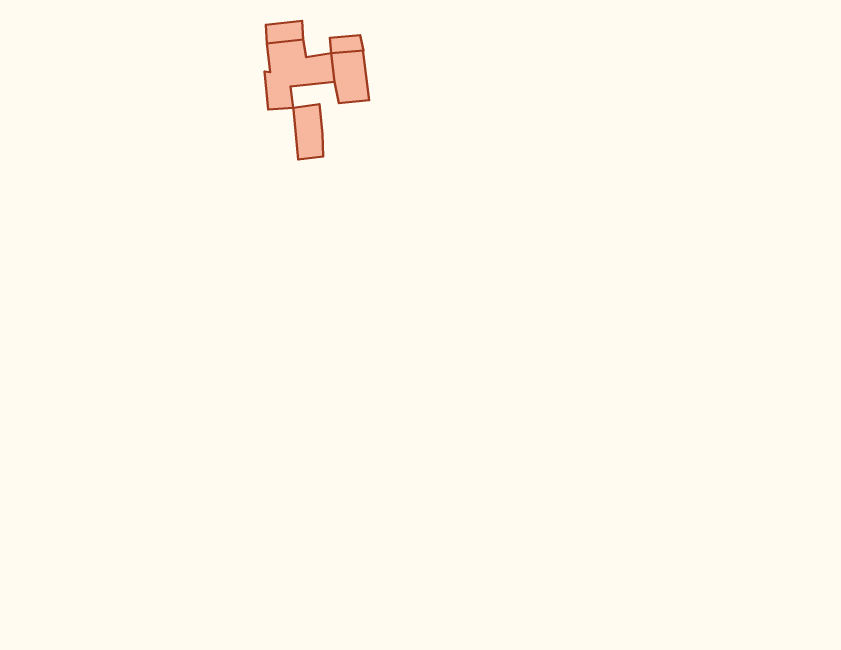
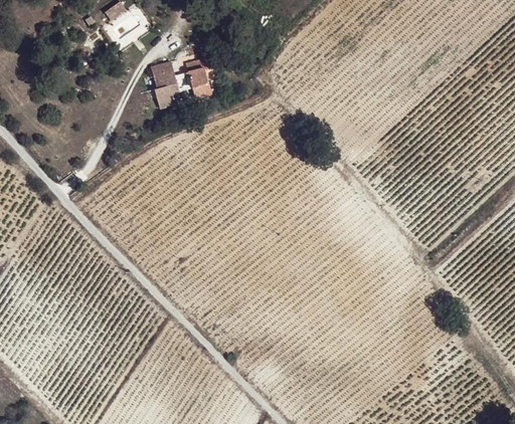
building: [293,104,323,160] -> none

